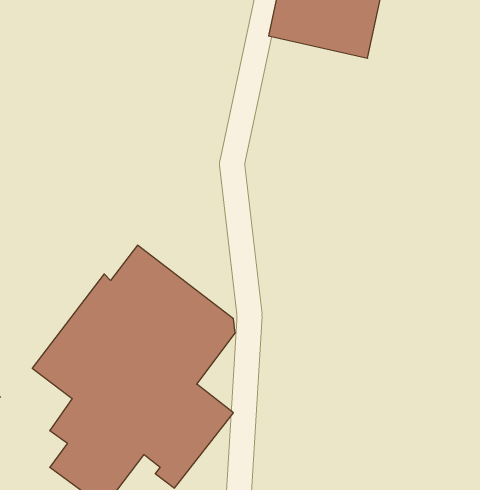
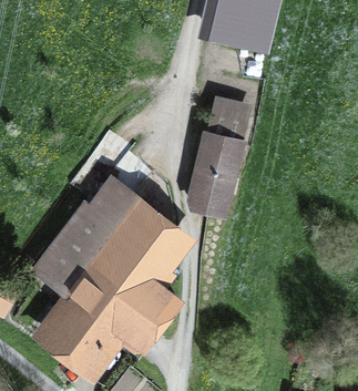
building: none -> [190,106,248,214]

